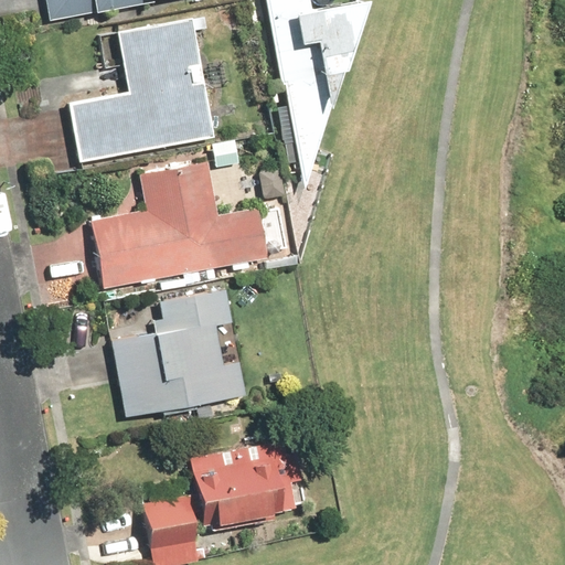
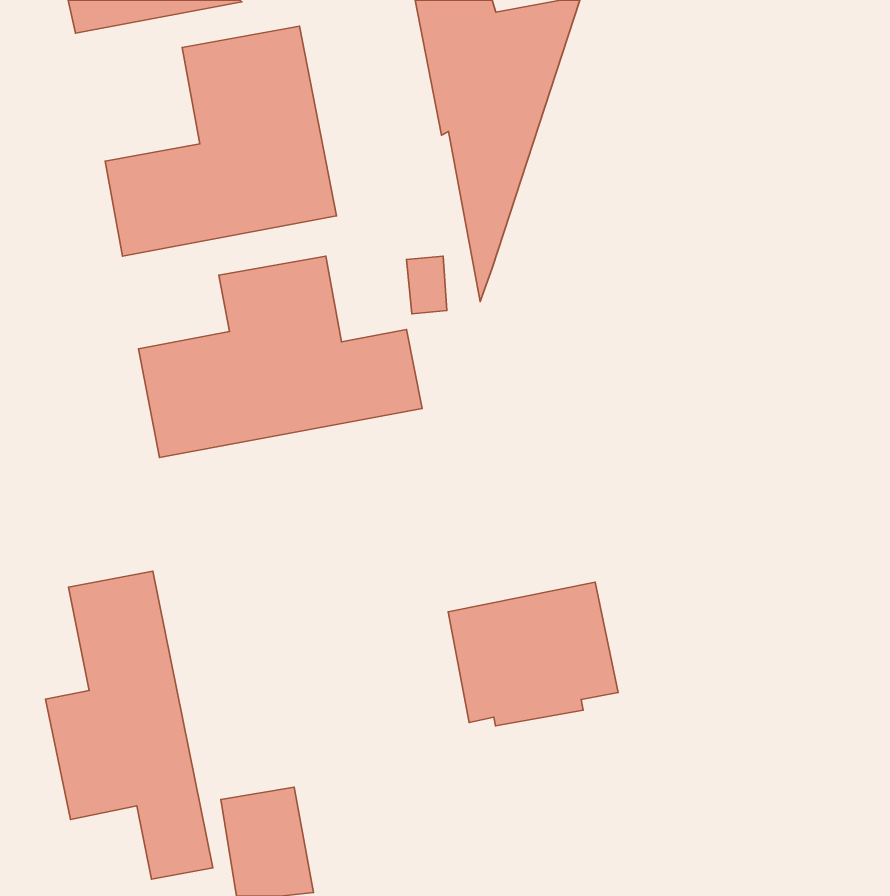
building: [111,288,246,416] -> none
building: none -> [46,571,213,879]
building: [191,438,298,529] -> [448,582,618,726]

